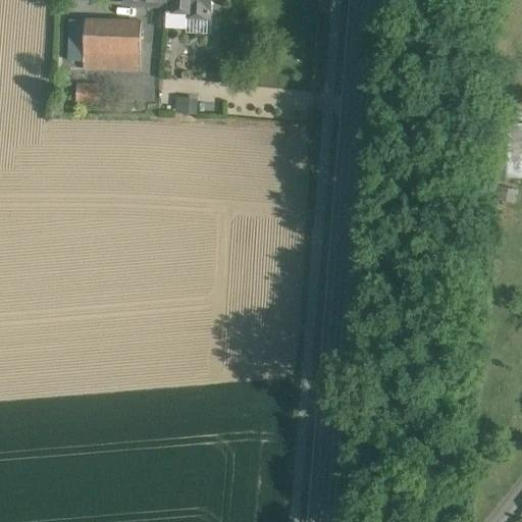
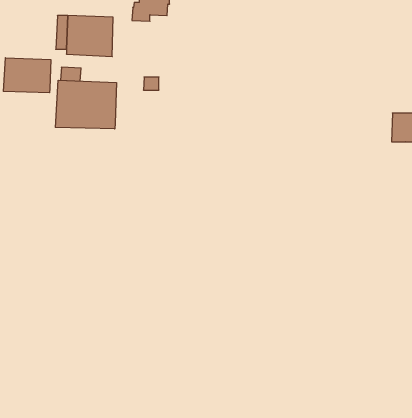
building: none -> [3,58,51,93]
building: none -> [55,80,116,129]

